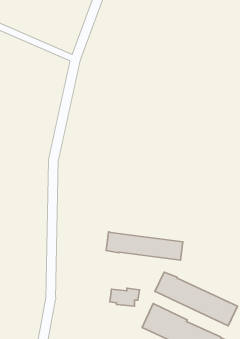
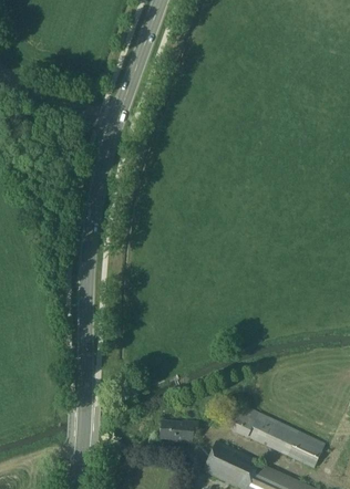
building: [106,232,183,260] -> none

